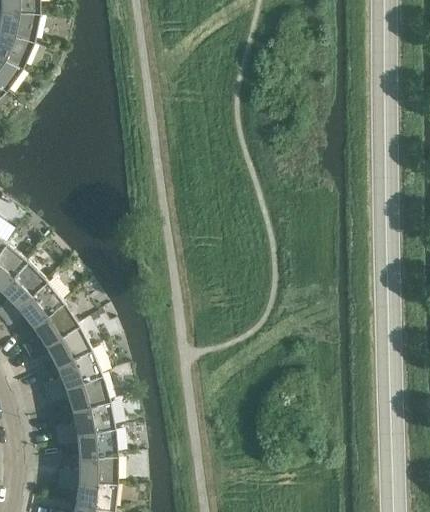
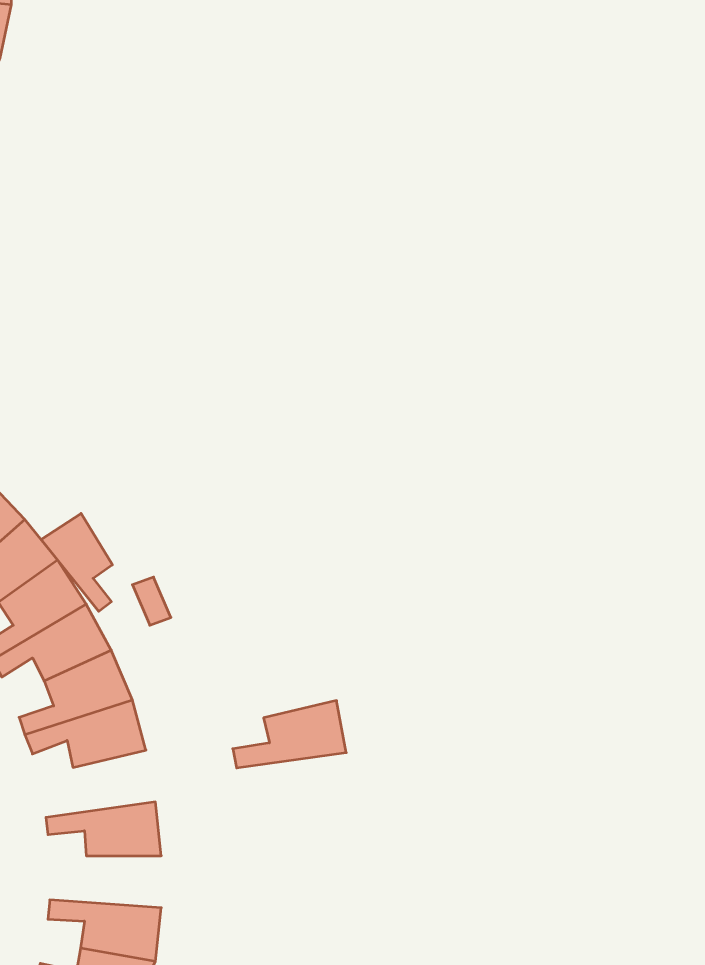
building: none -> [41,513,112,611]
building: [54,399,113,434] -> [233,701,346,768]
building: [58,454,116,481] -> none

